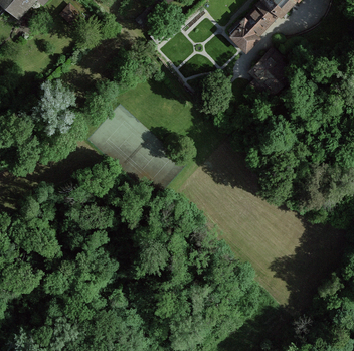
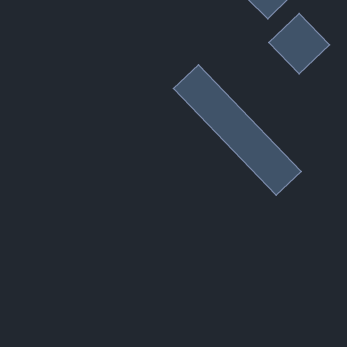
building: none -> [174,65,301,195]

